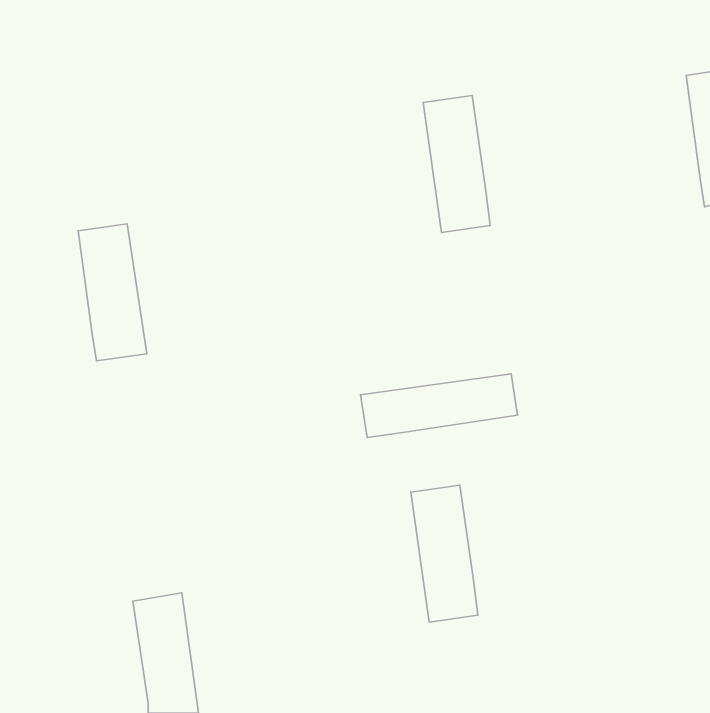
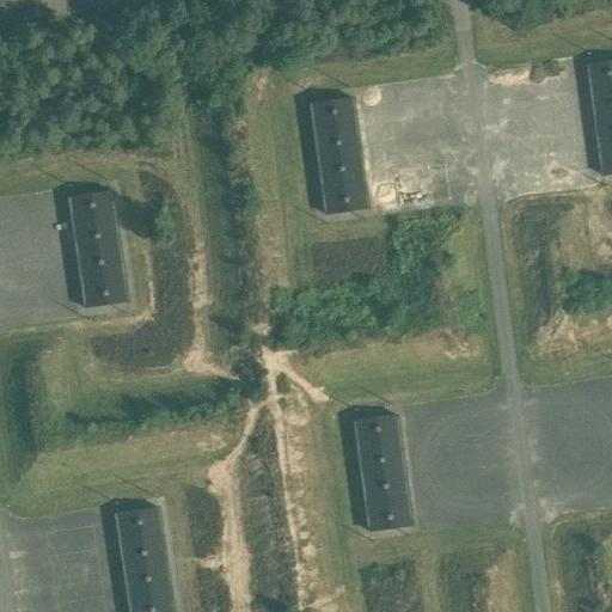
building: [423,96,490,233] -> [312,98,369,215]
building: [361,374,517,437] -> none

